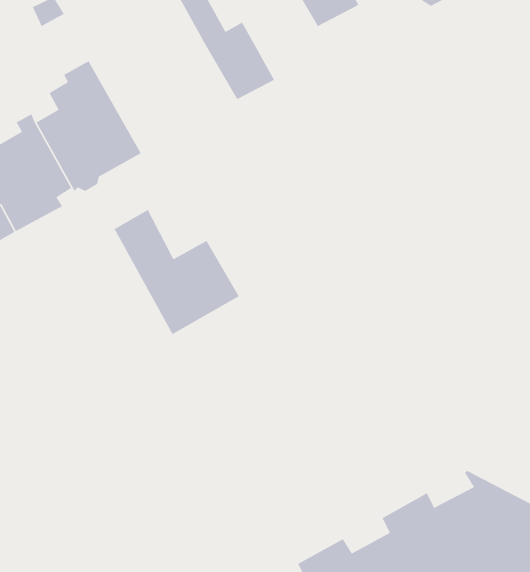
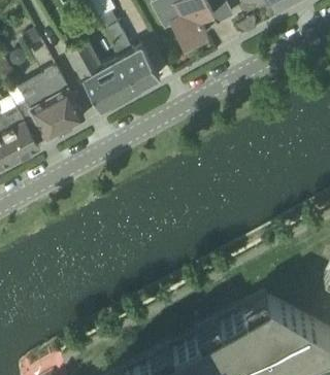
building: [113,209,240,335] -> [68,40,139,111]

